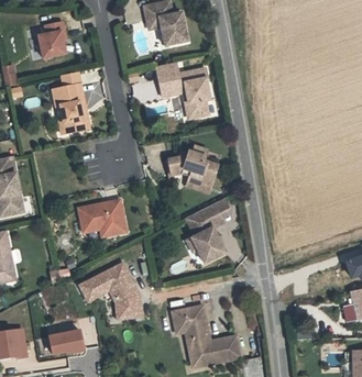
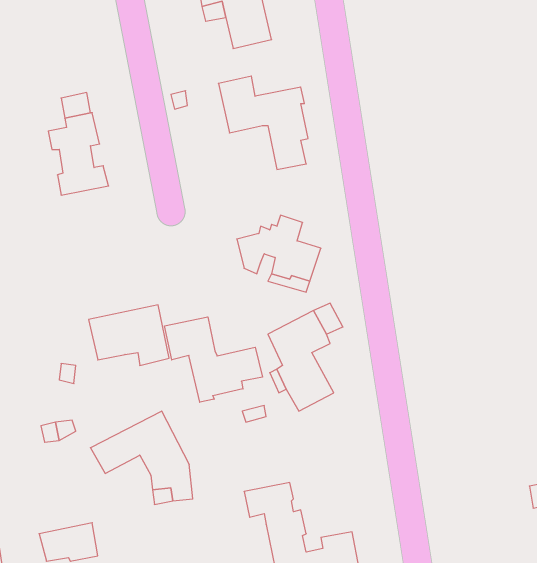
building: [39,21,65,57] -> none
building: none -> [165,317,262,402]

